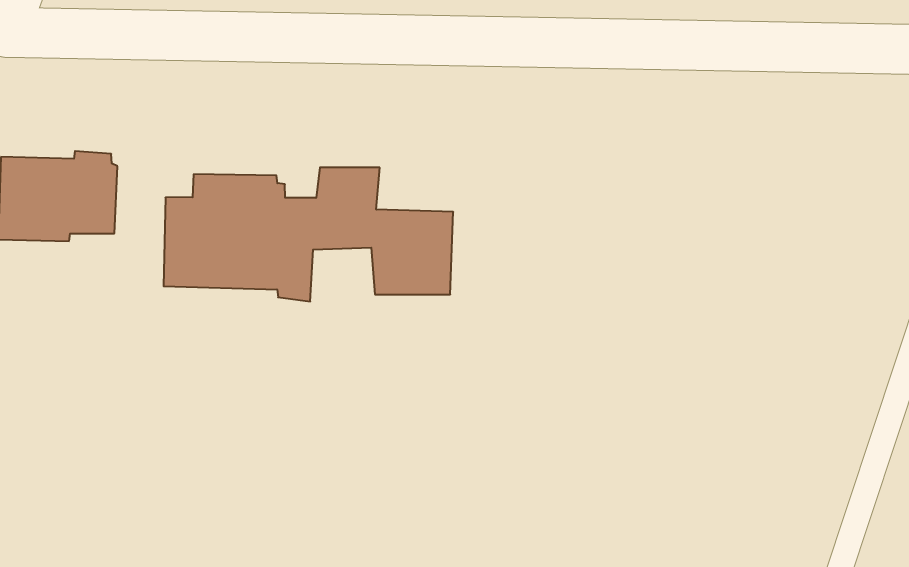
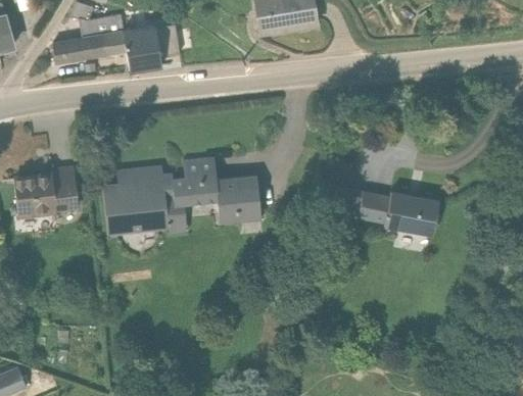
building: none -> [358,190,438,233]

